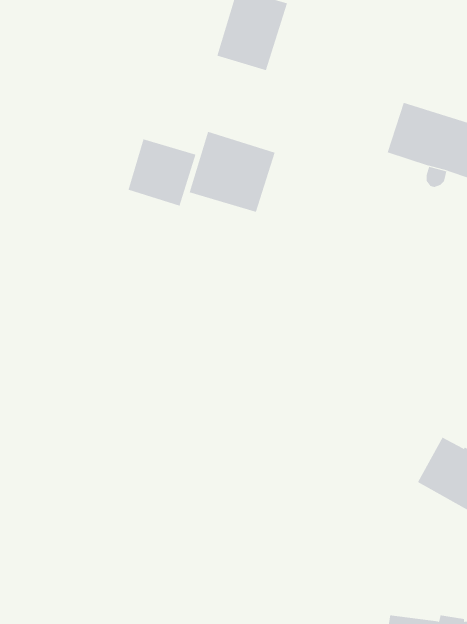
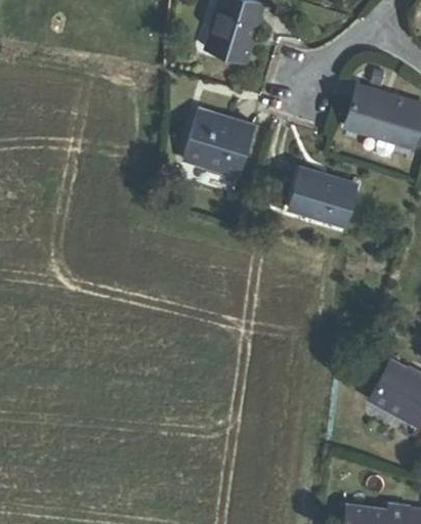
building: [128,138,196,207] -> none
building: none -> [291,169,356,225]

